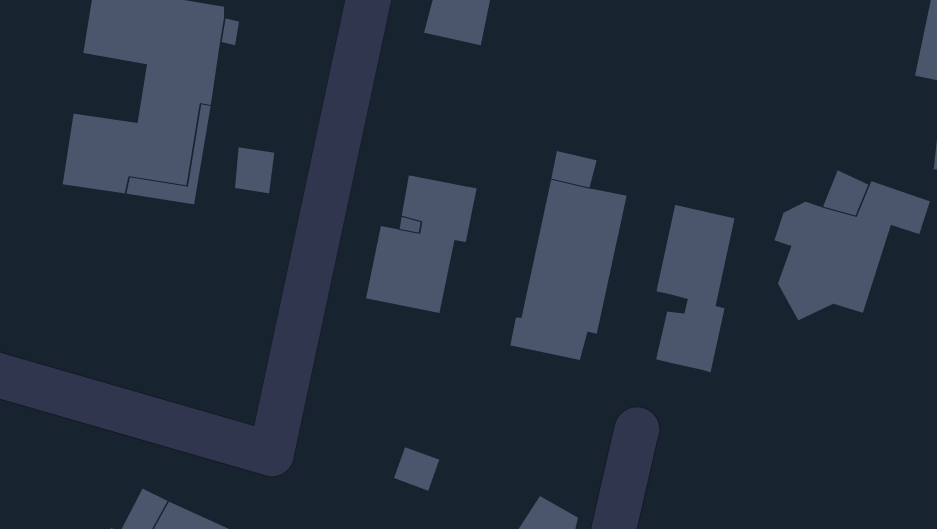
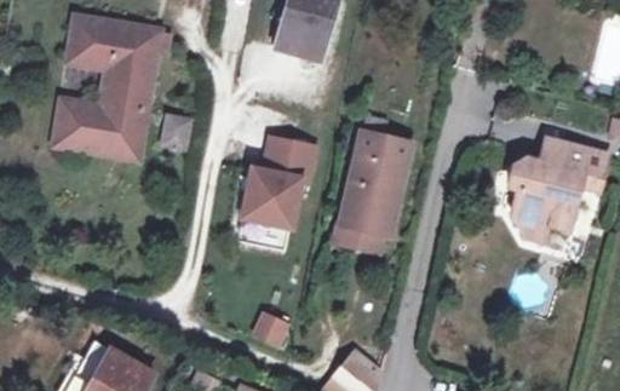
building: [655,204,735,373] -> none

